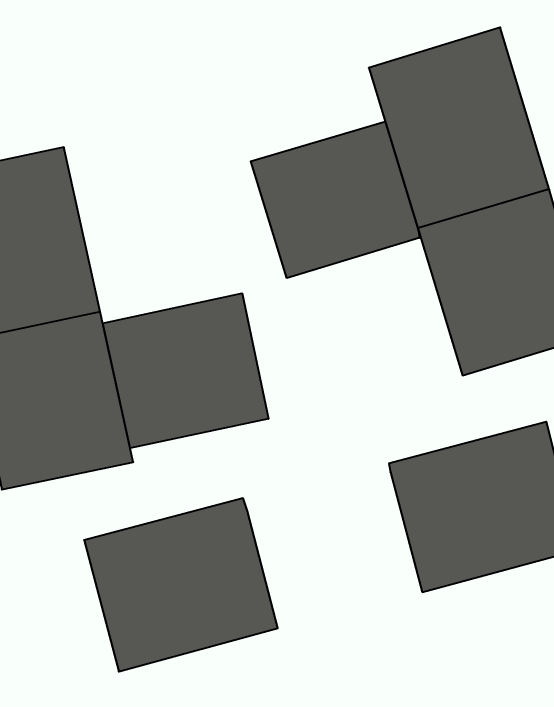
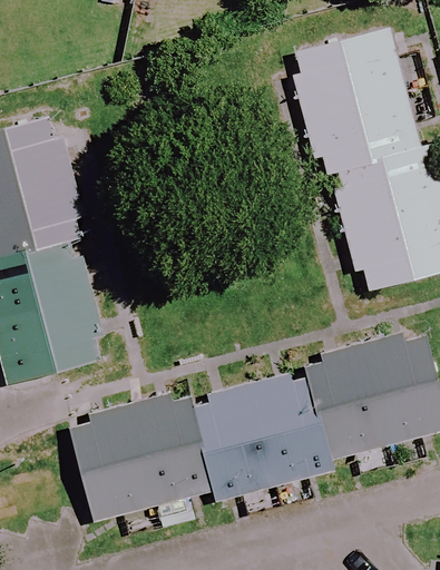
building: [251,121,419,278] -> none
building: [103,293,268,448] -> none
building: none -> [194,368,332,527]

